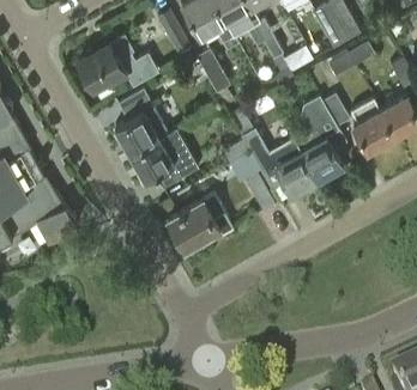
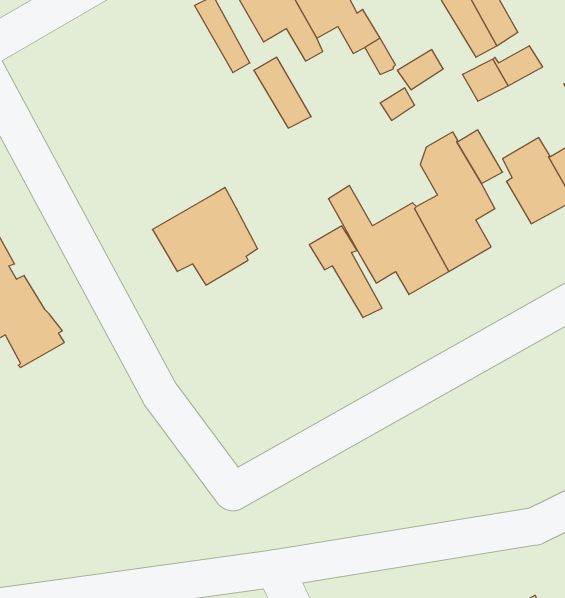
building: [78,33,158,89] -> none
building: [115,90,170,156] -> none
building: [169,194,232,251] -> none

